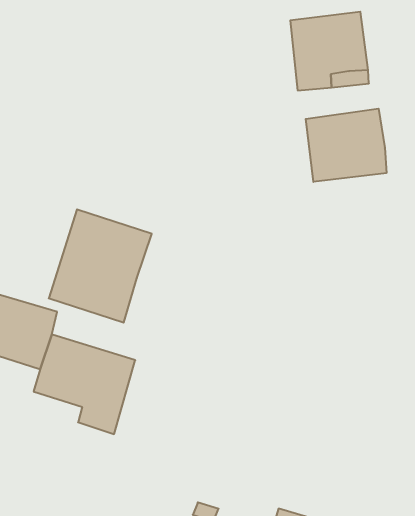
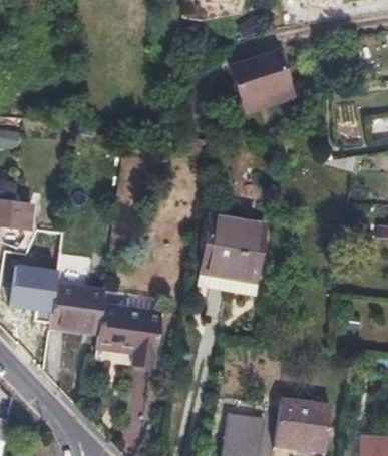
building: [306,109,386,182] -> none
building: [49,209,152,323] -> [201,217,264,290]

